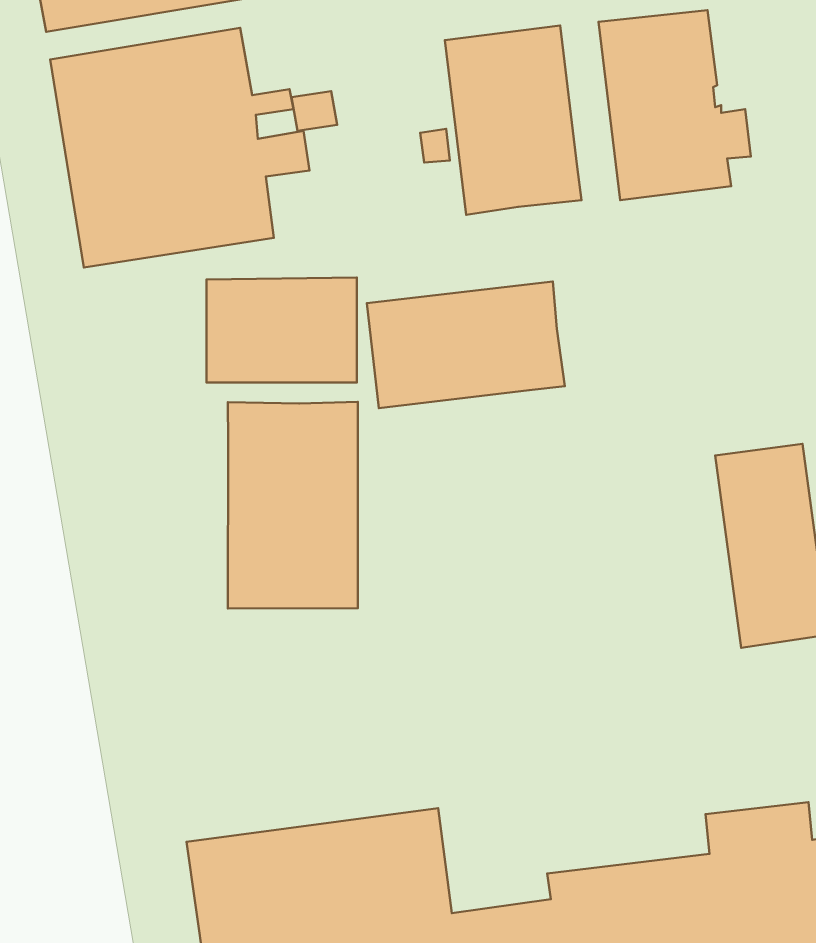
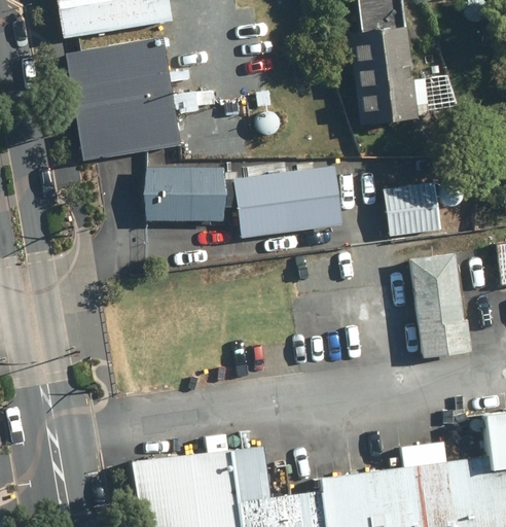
building: [445,26,581,215] -> none
building: none -> [377,182,437,237]
building: [228,402,358,609] -> none

